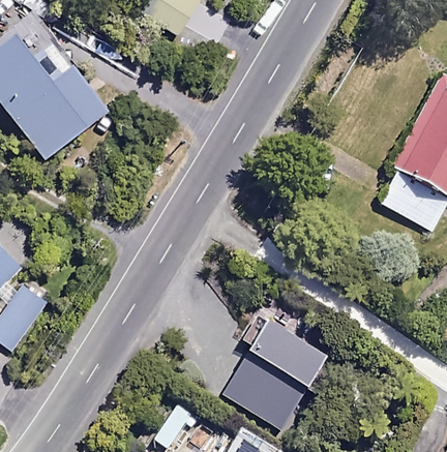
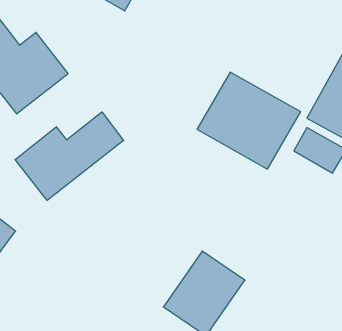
building: none -> [197,72,300,169]
building: none -> [15,112,124,200]

